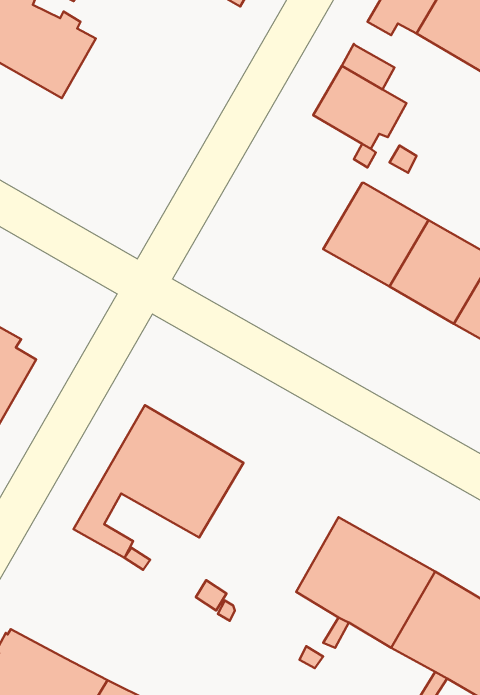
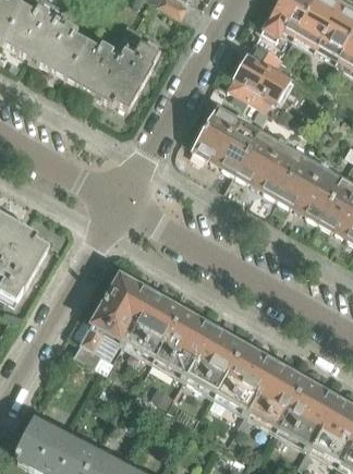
building: none -> [65,22,162,107]
building: none -> [192,105,259,172]
building: none -> [155,309,244,392]

